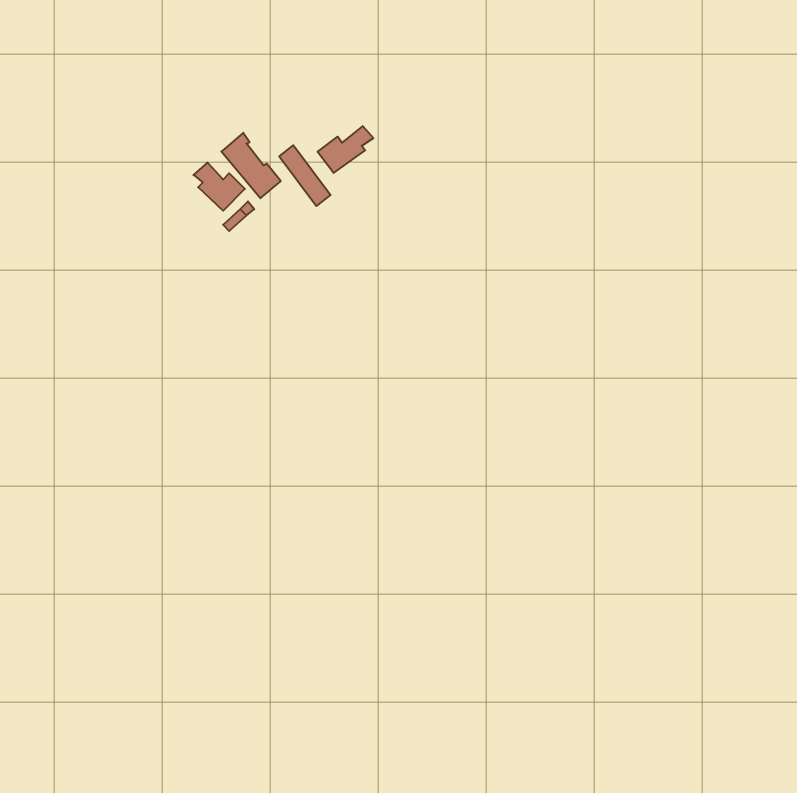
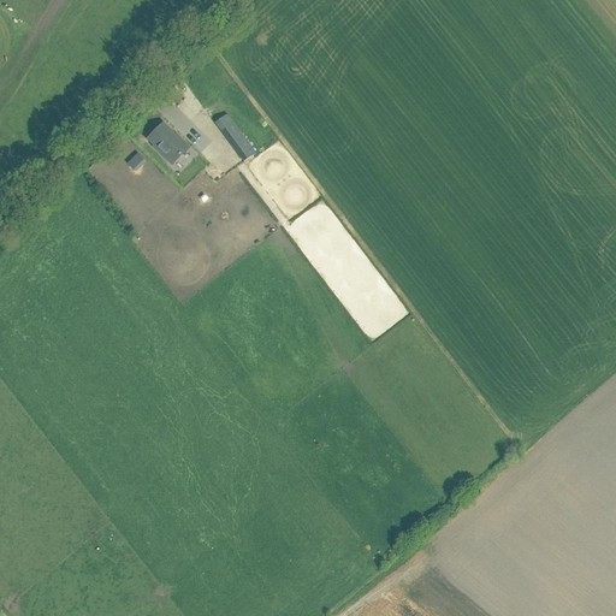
building: [318,126,373,173] -> none

